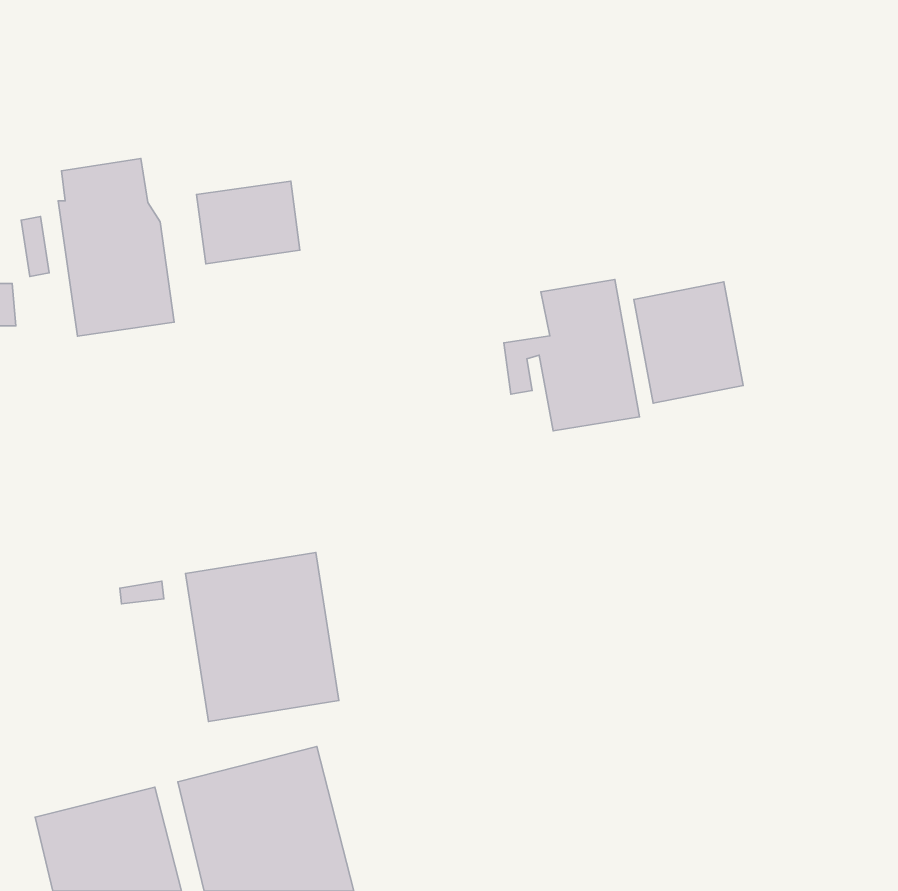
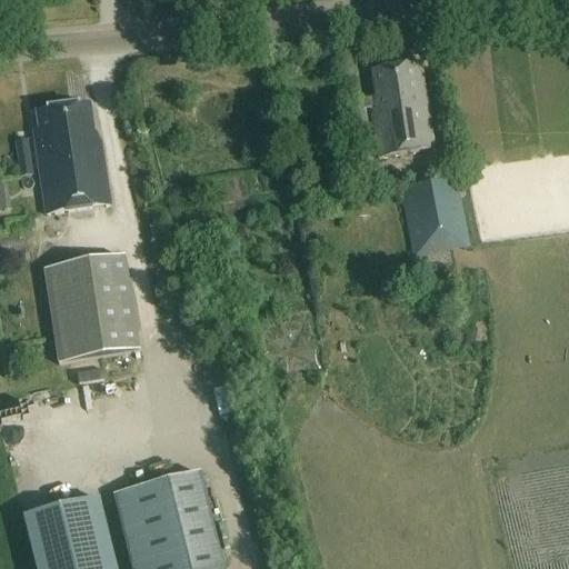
building: [197,181,300,264] -> none
building: [504,280,639,431] -> [350,57,436,152]
building: [186,553,339,722] -> [43,253,140,360]

